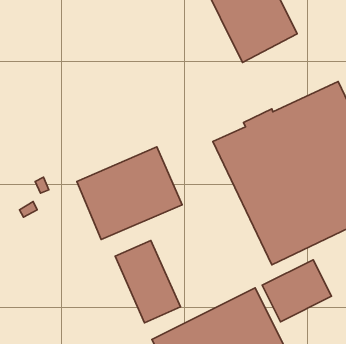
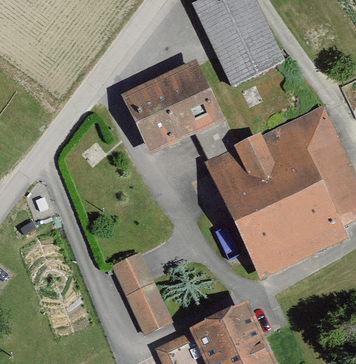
building: [77,147,182,240] -> [122,62,222,150]
building: [262,260,331,322] -> none

